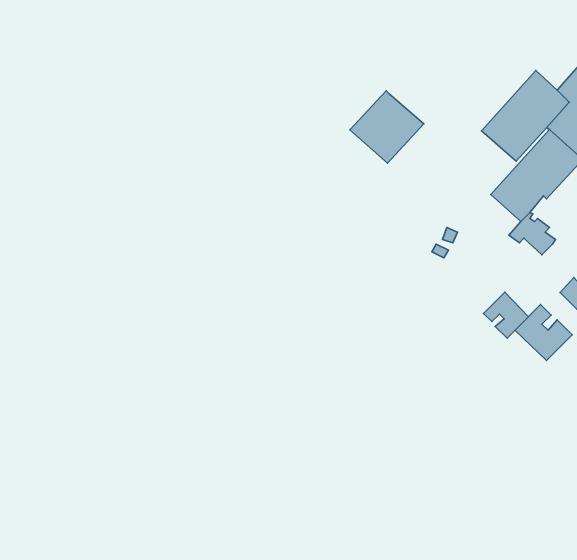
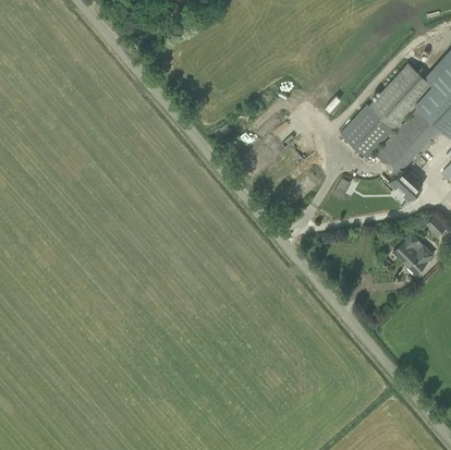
building: [350,91,424,163] -> [341,106,394,158]
building: [484,292,528,338] -> none

